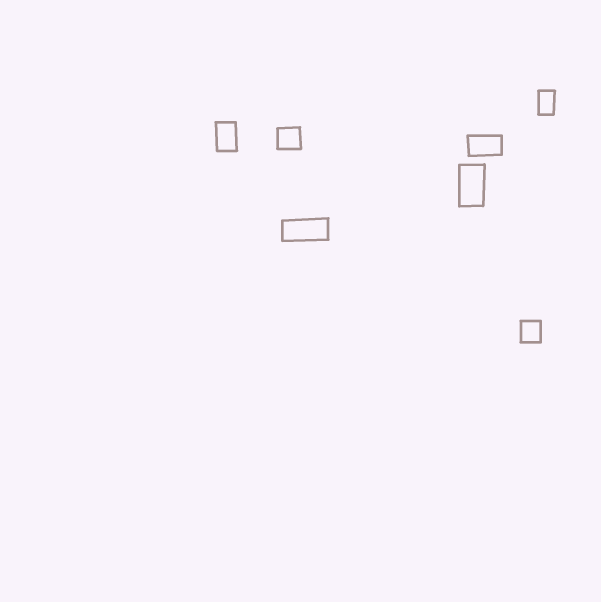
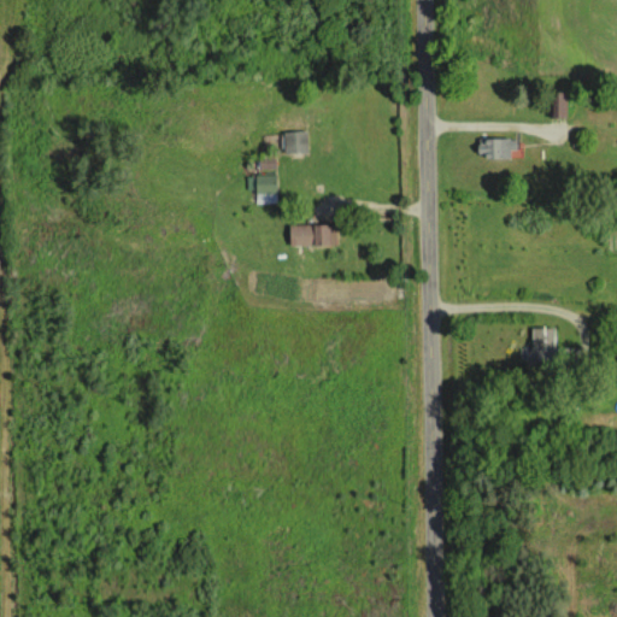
building: [216,122,237,151] -> [257,175,278,204]
building: [459,164,484,206] -> none

